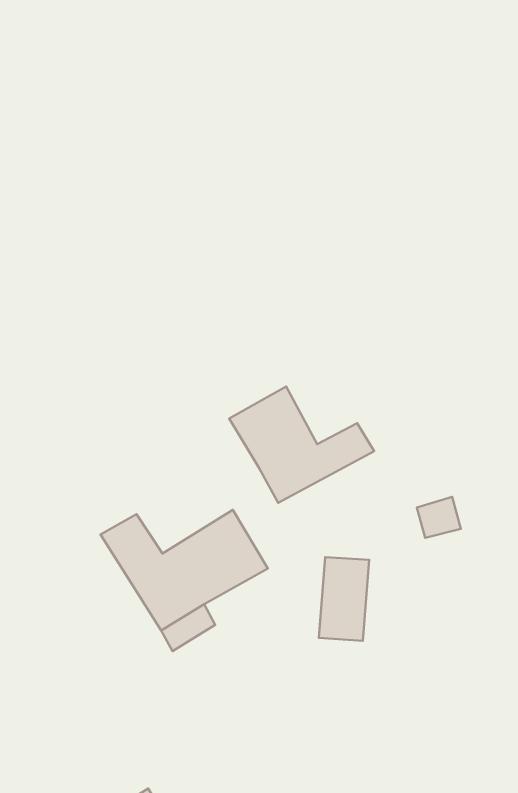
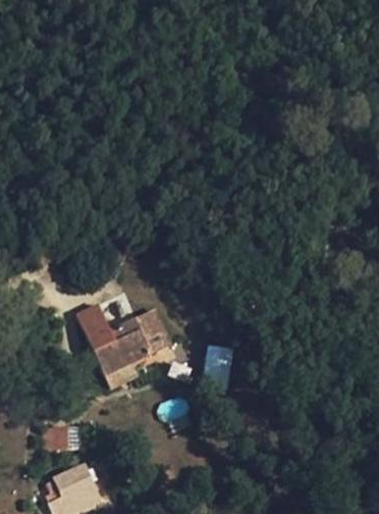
building: [229,386,374,503] -> none

